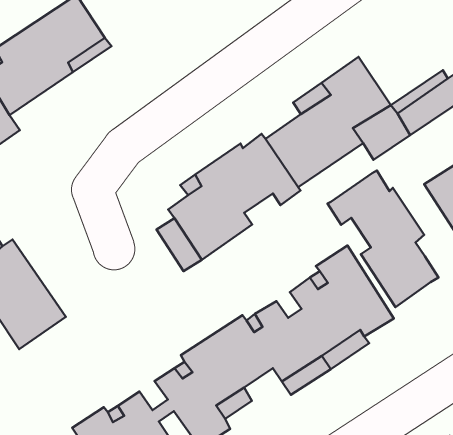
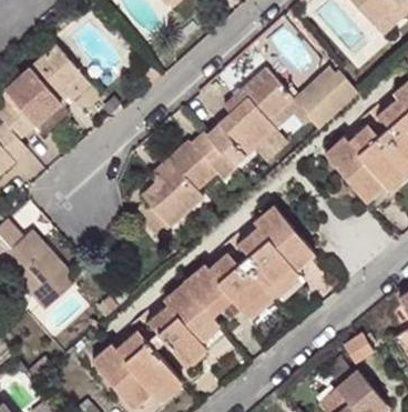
building: [328,170,439,307] -> none

